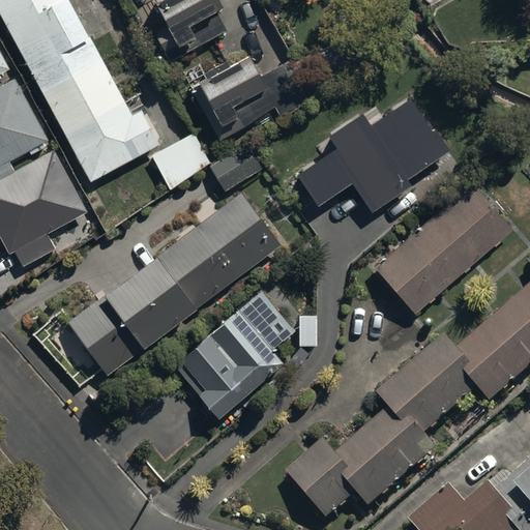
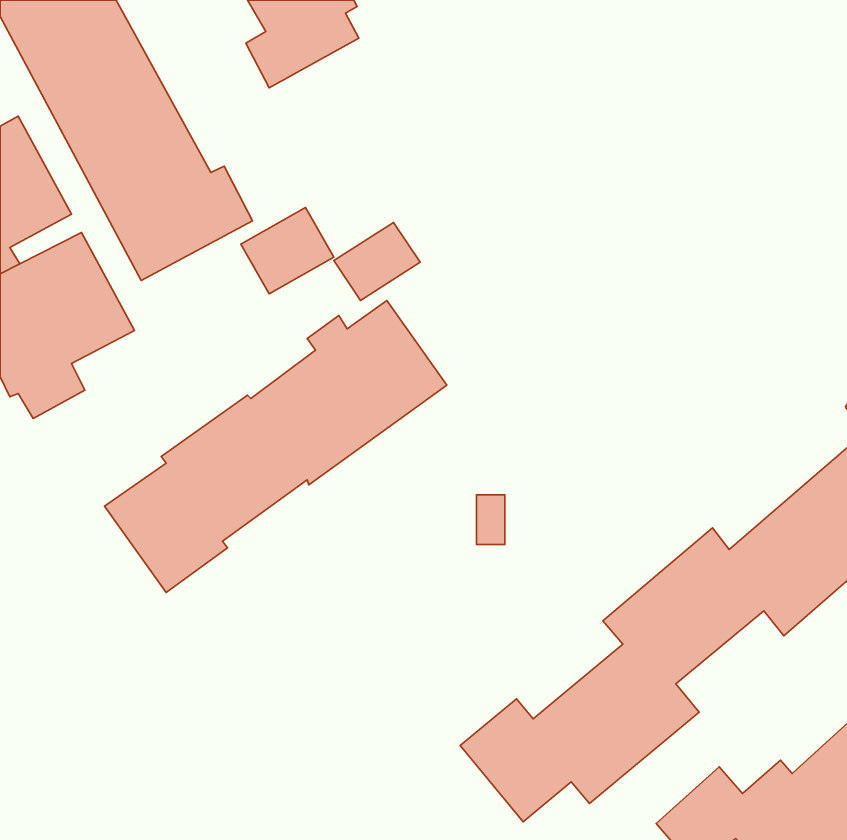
building: [183,34,313,138] -> none
building: [300,101,451,218] -> none
building: [373,180,510,312] -> none
building: [173,290,293,418] -> none

